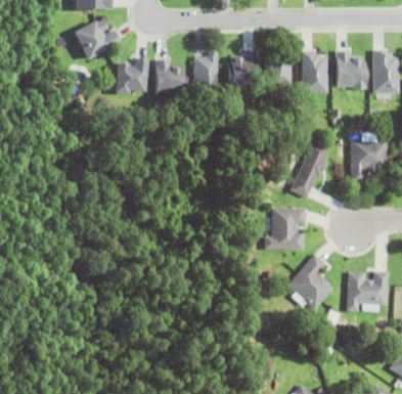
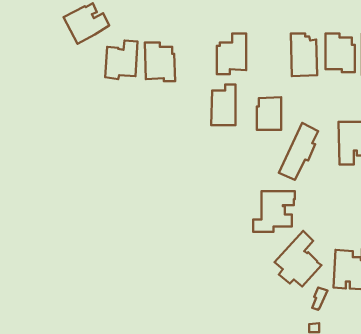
building: [193,51,218,92] -> [211,84,235,125]
building: [266,52,291,85] -> [257,97,281,130]

